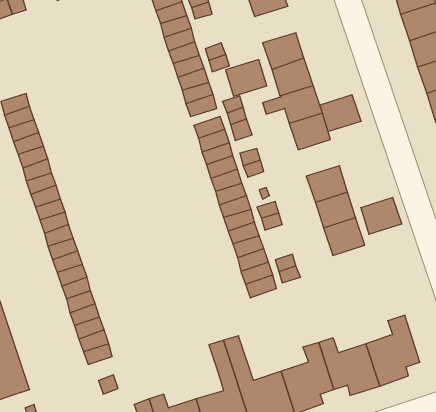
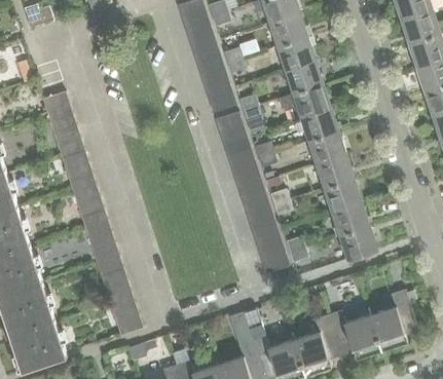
building: [226,60,267,96] -> [269,13,306,46]
building: [320,95,361,132] -> [308,132,345,165]
building: [361,197,402,234] -> [339,227,376,260]

